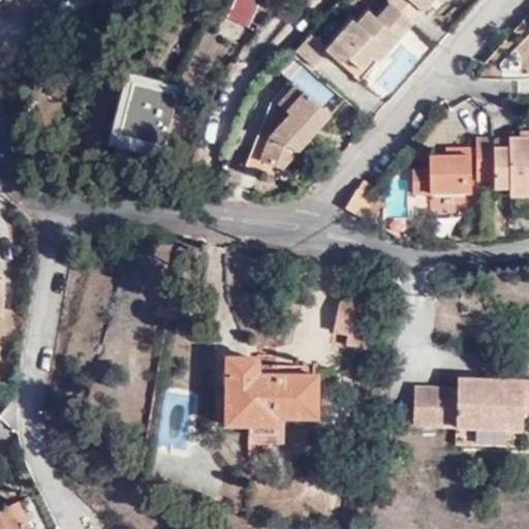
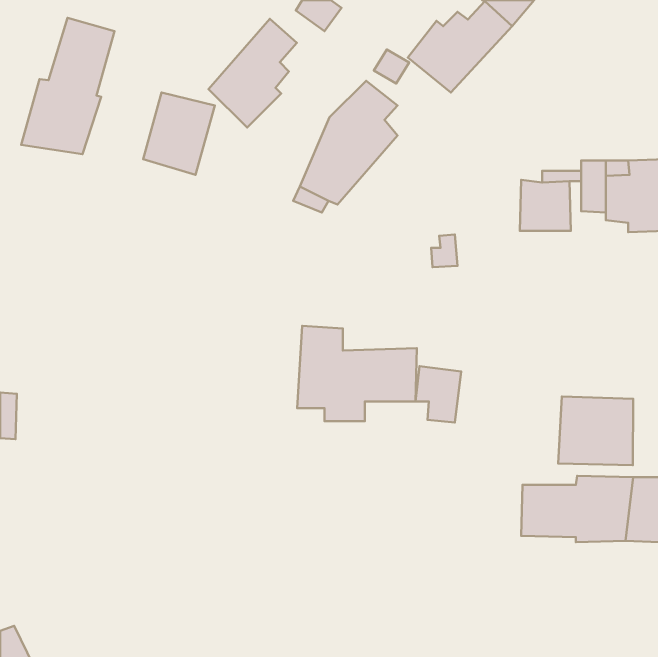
building: none -> [21,18,115,154]
building: none -> [209,19,297,127]
building: none -> [558,396,633,465]
building: [223,356,318,432] -> [297,326,417,421]

